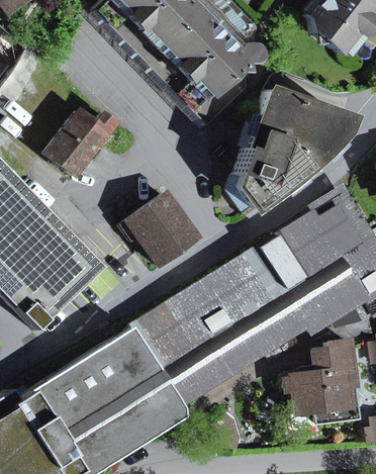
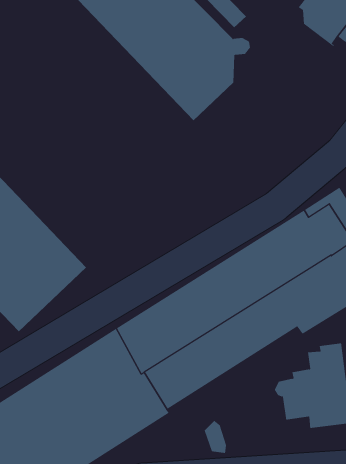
building: [237,89,349,208] -> none
building: [48,110,116,175] -> none
building: [122,193,198,264] -> none

